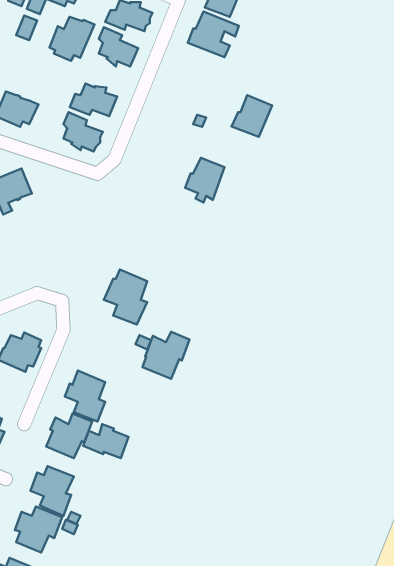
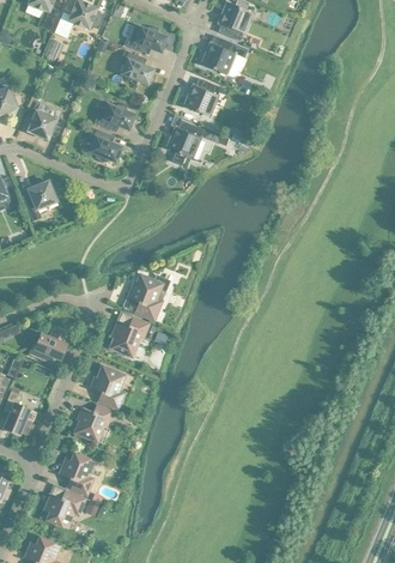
building: [49,17,94,61] -> none
building: [231,95,272,137] -> [183,77,220,115]
building: [185,158,224,202] -> [166,120,202,161]
building: [142,332,190,379] -> [107,315,150,358]
building: [83,424,129,458] -> none

